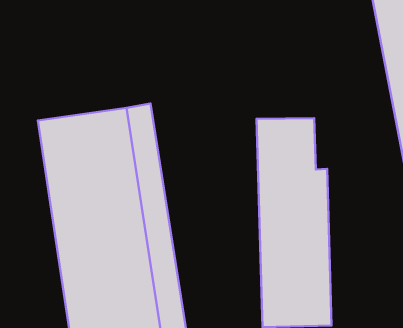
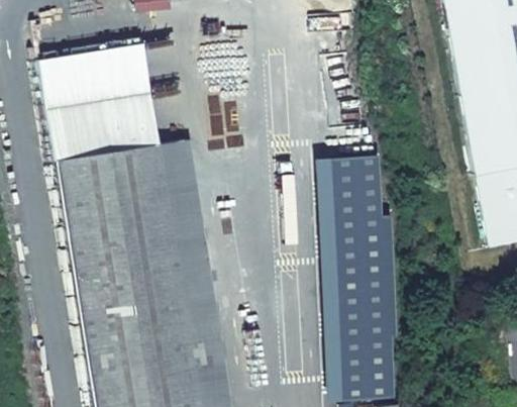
building: none -> [41,44,161,160]

